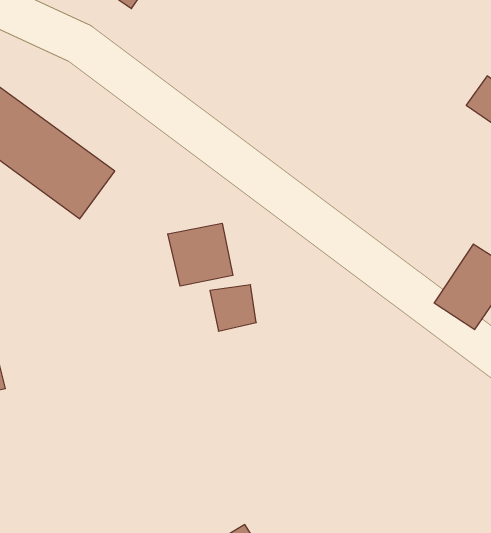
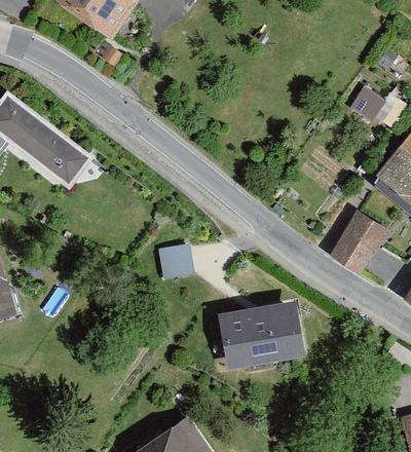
building: [168,223,233,286] -> none
building: none -> [225,298,308,367]

